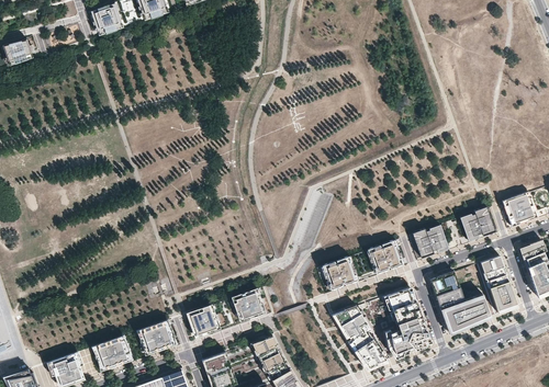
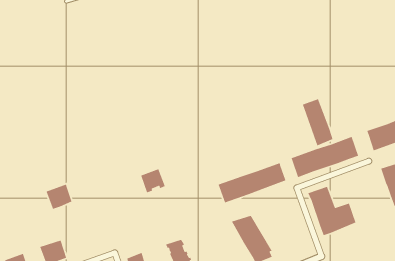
building: [478,254,517,315] -> [302,98,334,147]
building: [233,289,265,321] -> [140,168,166,194]
building: [384,289,429,356] -> none
building: [188,306,219,337] -> none
building: [139,321,173,354] -> [45,183,73,210]

